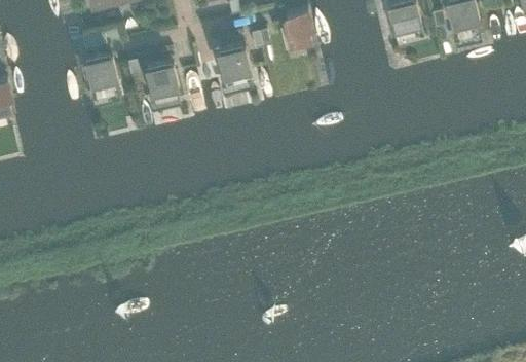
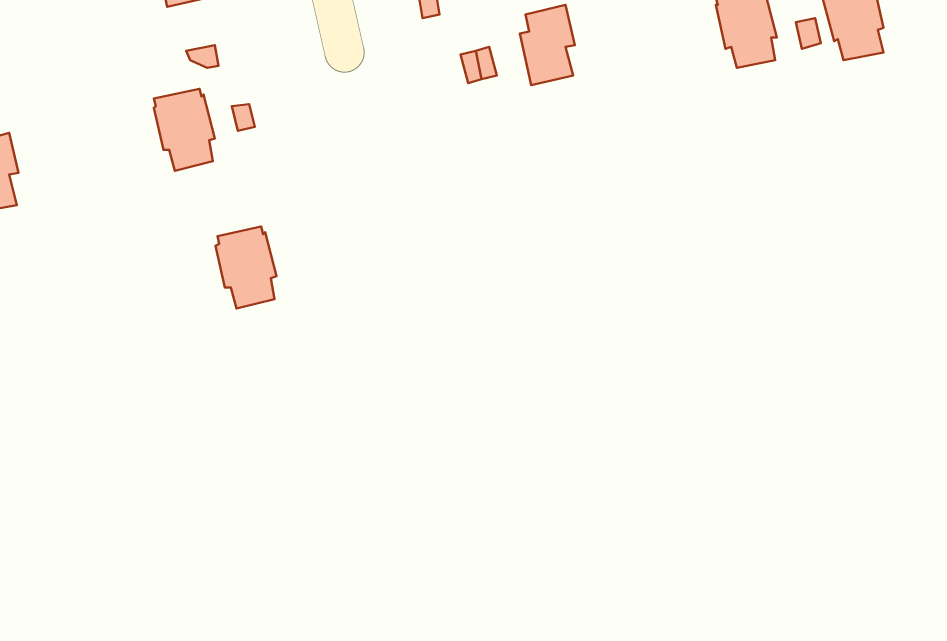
building: [218,46,251,90] -> none
building: [146,63,179,107] -> [215,227,276,309]

